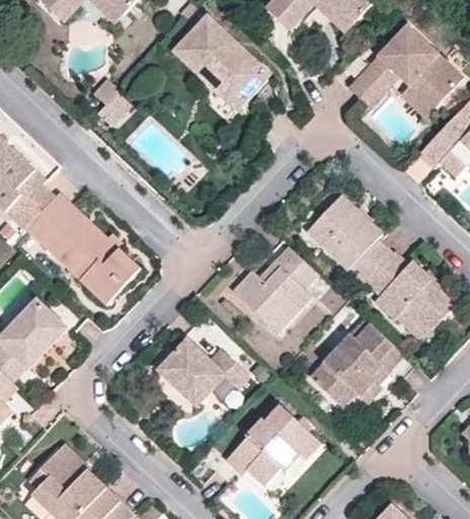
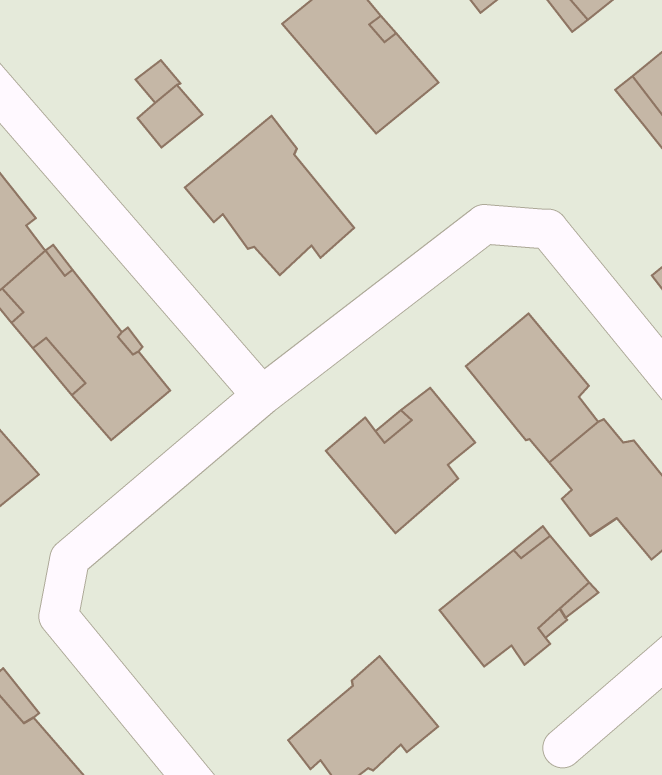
building: [351,60,393,101] -> none
building: none -> [185,116,354,275]
building: [158,340,246,405] -> none

